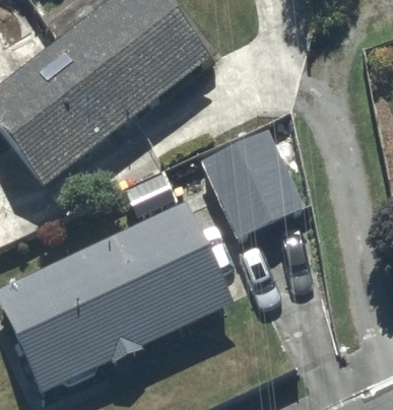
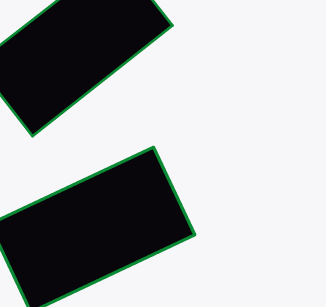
building: [201,126,306,236] -> none

